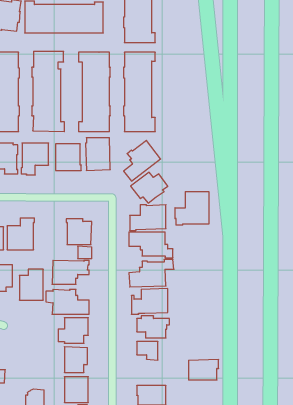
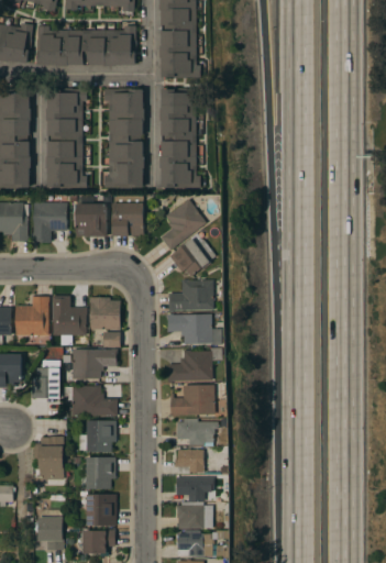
building: [175,192,209,225] -> none
building: none -> [51,296,86,335]
building: none -> [32,435,63,481]
building: [189,360,219,380] -> [175,476,212,501]

